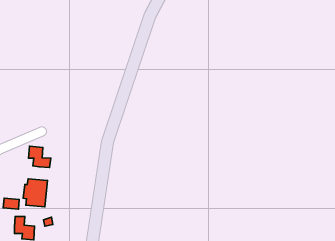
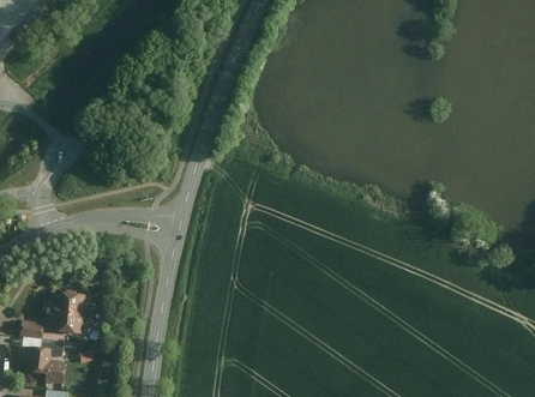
building: [28,146,51,168] -> none

